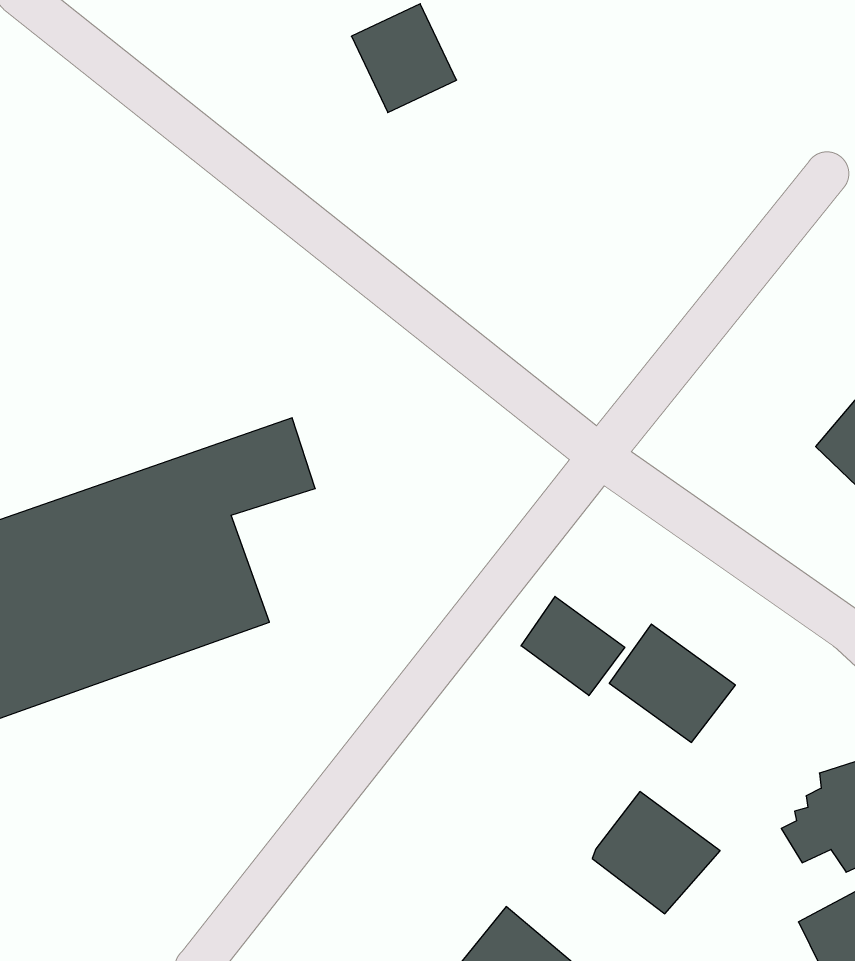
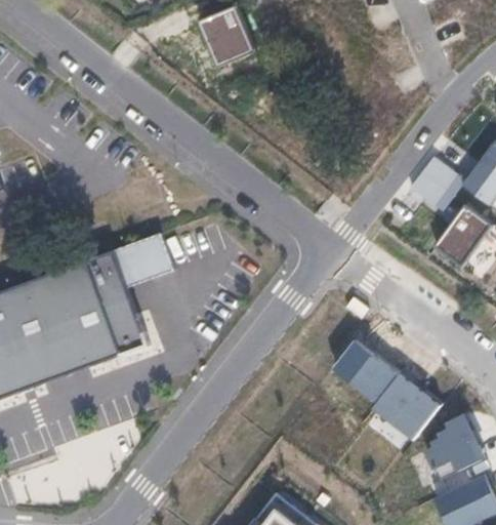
building: none -> [411,160,456,206]
building: [521,596,625,696] -> none
building: [592,792,720,914] -> [373,374,442,440]

